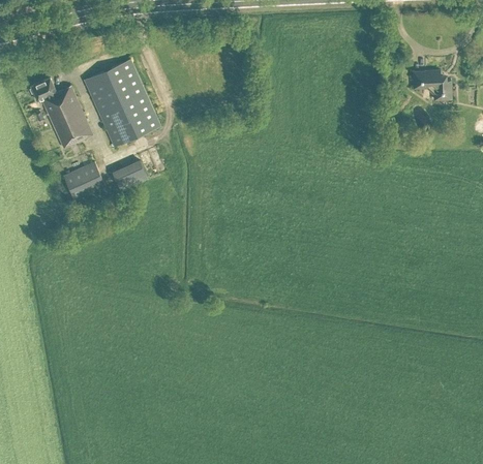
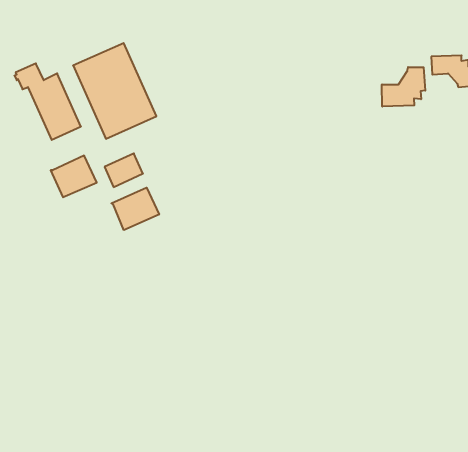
building: none -> [382,67,425,107]
building: none -> [111,188,159,230]

